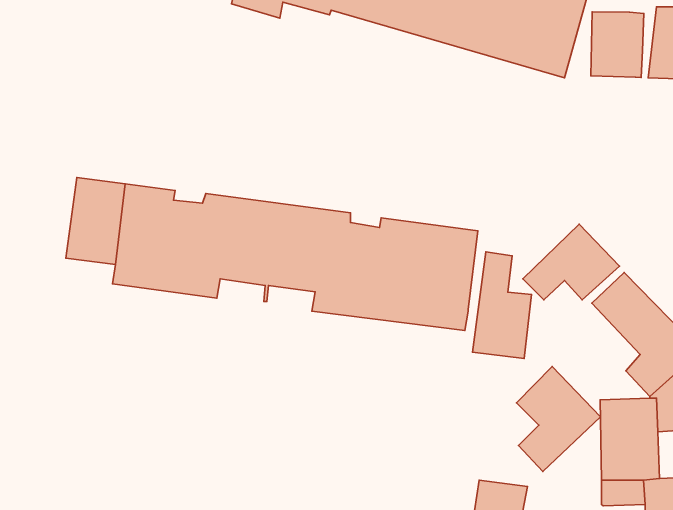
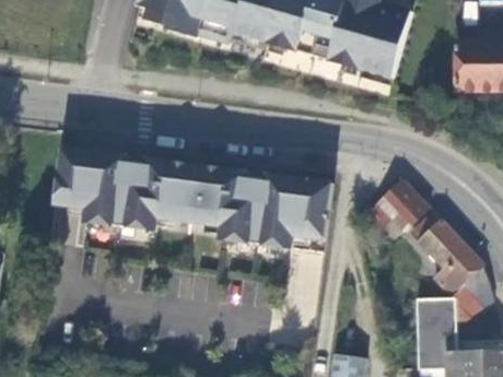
building: [591,12,644,77] -> none
building: [472,252,531,359] -> none
building: [517,366,600,472] -> none

